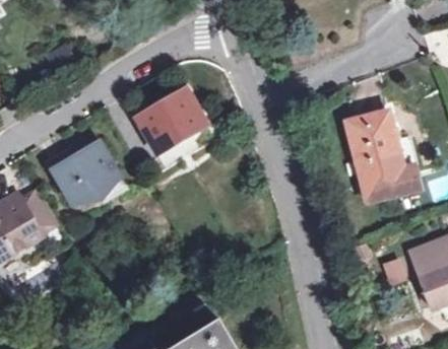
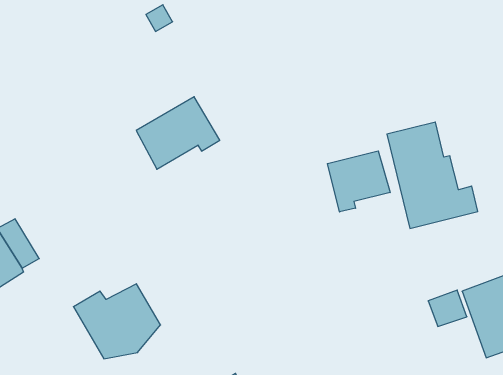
building: none -> [327,151,390,212]
building: [47,142,120,205] -> [73,284,161,359]

